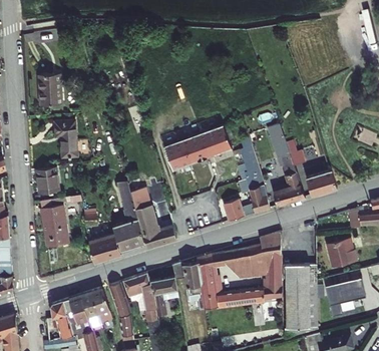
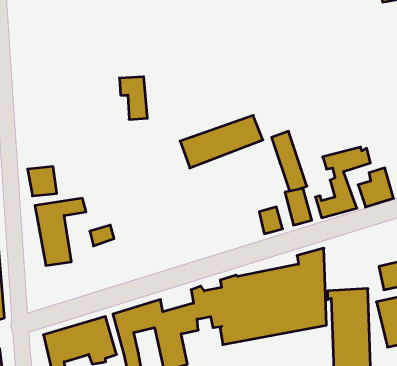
building: [38,69,60,100] -> none
building: [55,116,78,151] -> [119,77,147,119]
building: [92,181,176,261] -> none

